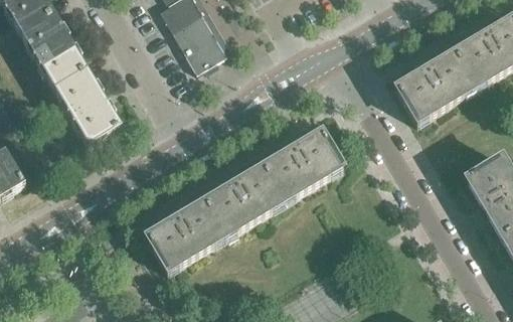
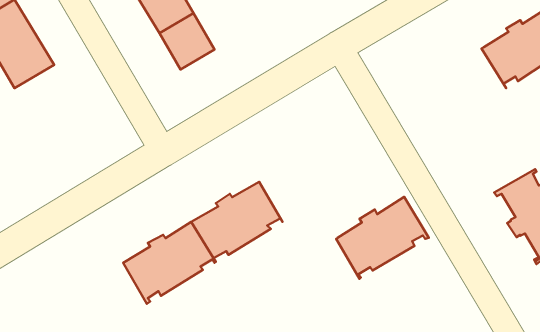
building: [396,51,476,121] -> none
building: [53,65,122,143] -> none
building: [264,130,343,200] -> [336,197,429,279]

